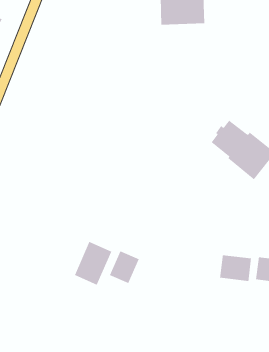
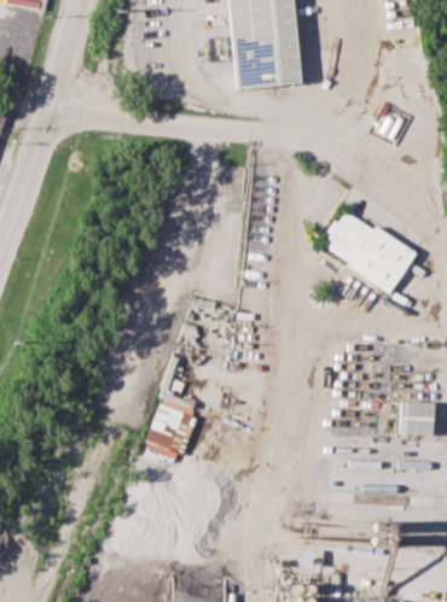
building: [109,250,139,284] -> none
building: [220,254,252,282] -> none

